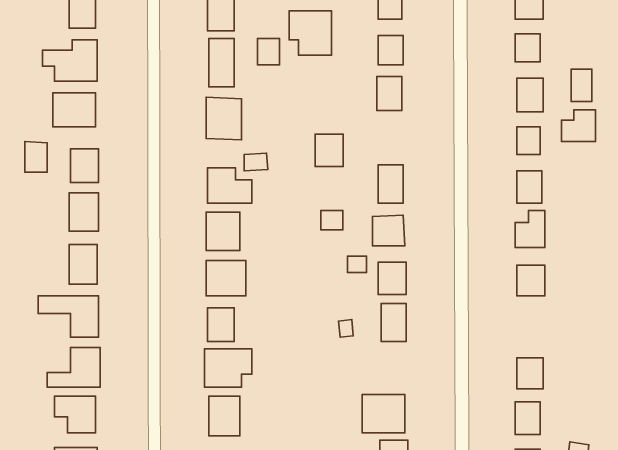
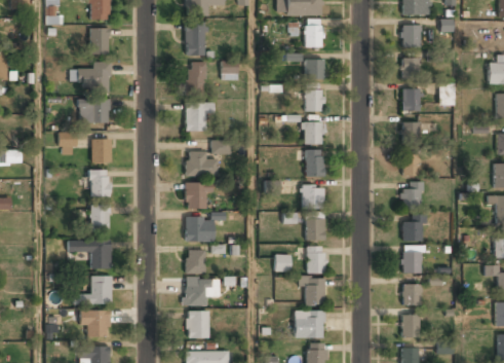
building: [289,11,332,55] -> none
building: [561,110,596,141] -> none
building: [315,134,343,167] -> [303,121,322,144]
building: none -> [402,246,421,275]
building: none -> [304,278,325,305]

